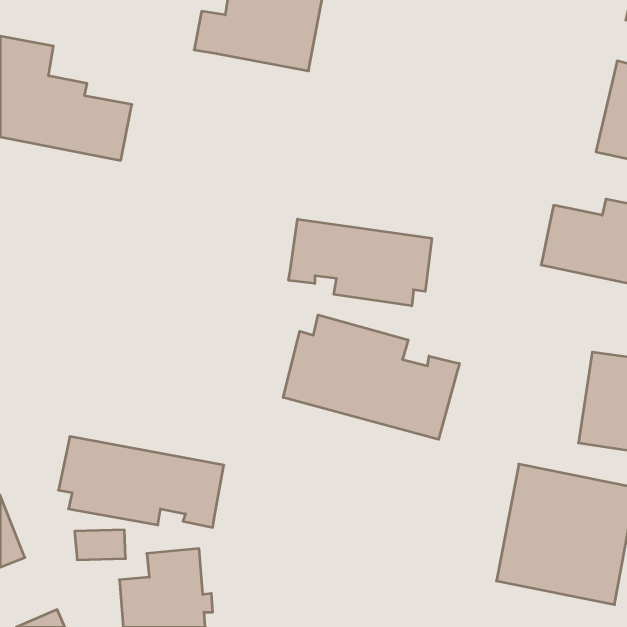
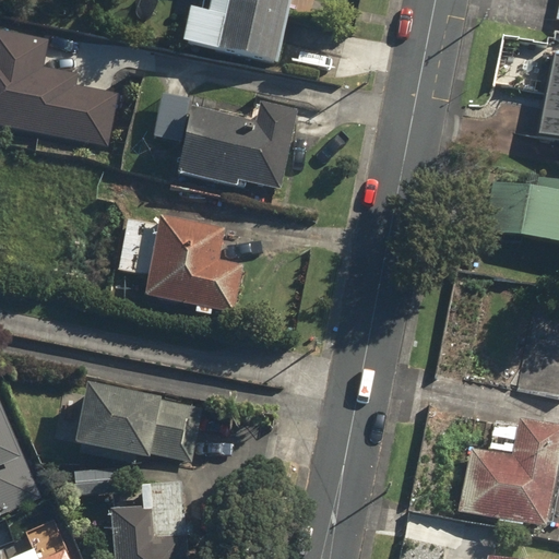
building: none -> [153,92,296,189]
building: [289,219,432,306] -> none
building: none -> [121,203,243,314]
building: [283,315,459,439] -> none

